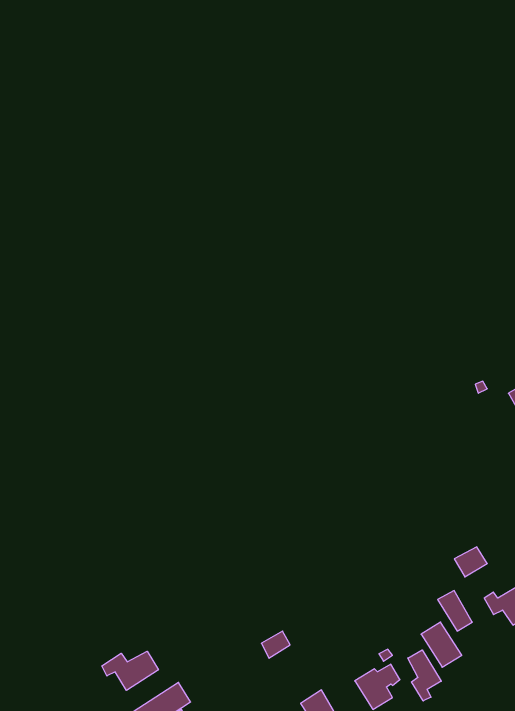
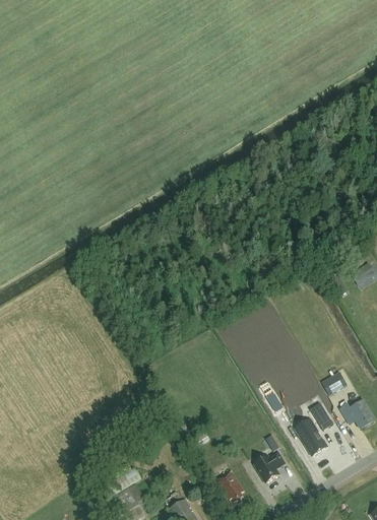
building: [408,650,441,701] -> none
building: [102,651,158,690] -> none

